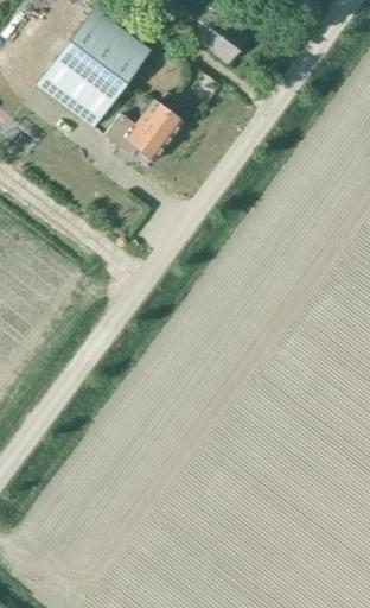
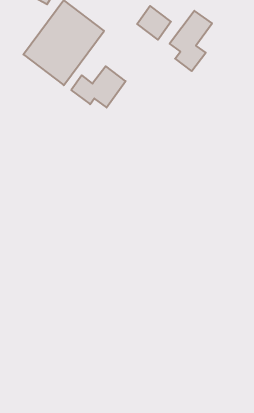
building: none -> [170,11,212,71]

